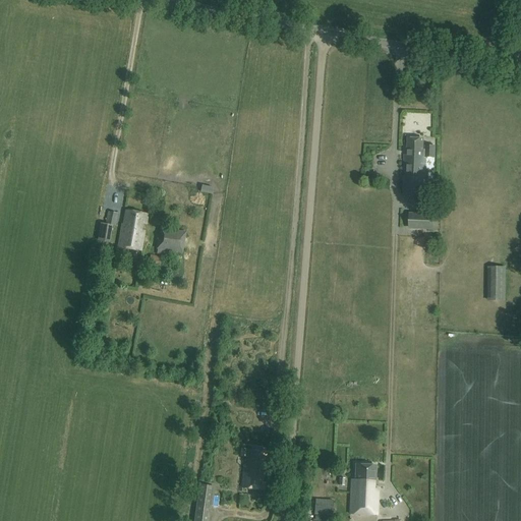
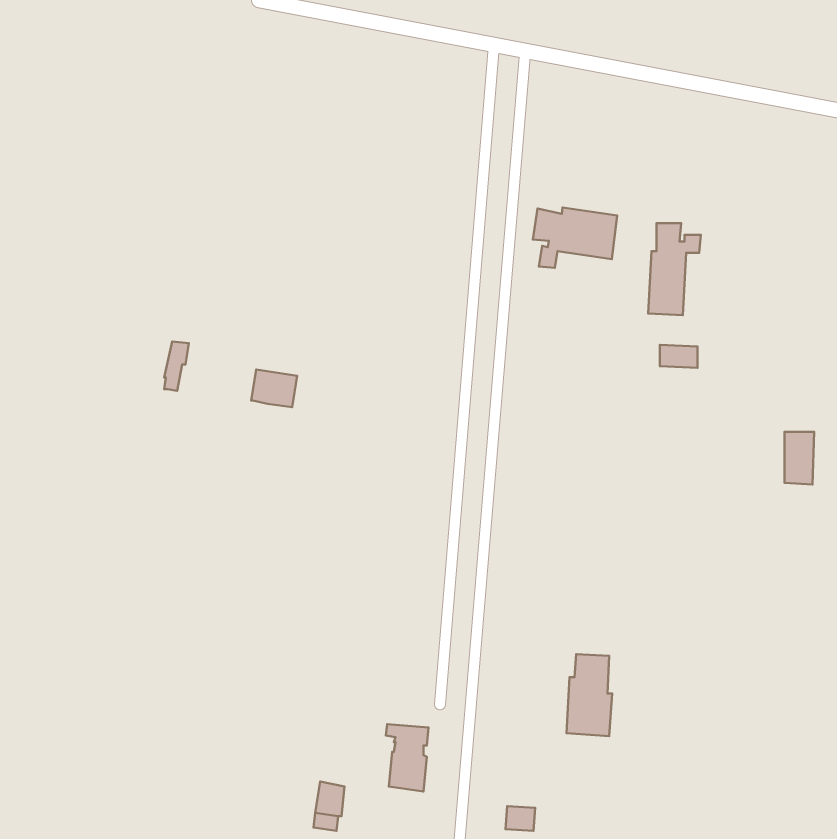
building: none -> [533,208,617,268]
building: [117,211,147,251] -> none
building: [349,464,378,515] -> [566,654,612,736]

